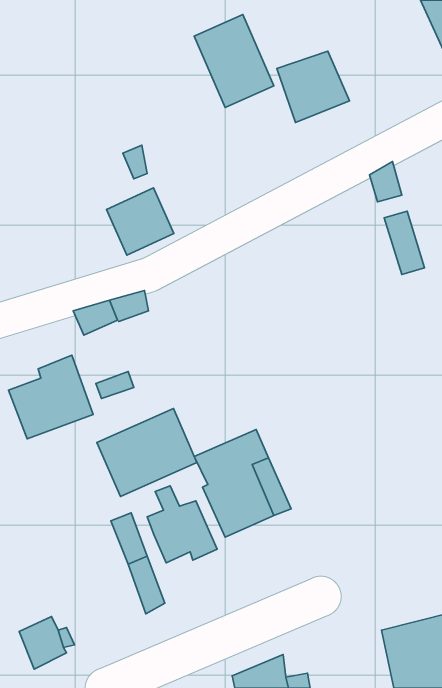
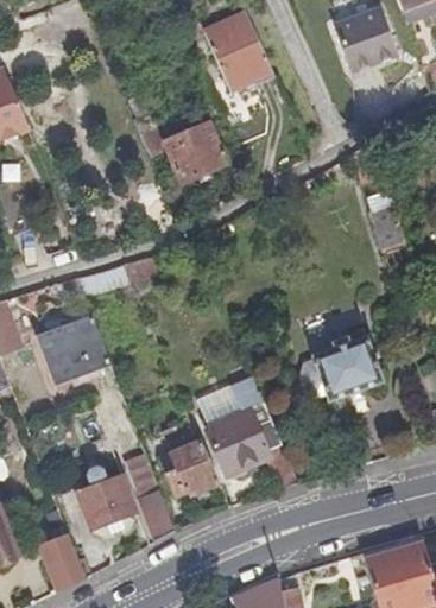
building: [277,51,349,122] -> [326,11,390,74]
building: [107,188,174,255] -> [162,124,221,183]
building: none -> [310,325,384,400]
building: [97,408,197,496] -> none
building: none -> [76,466,134,528]

